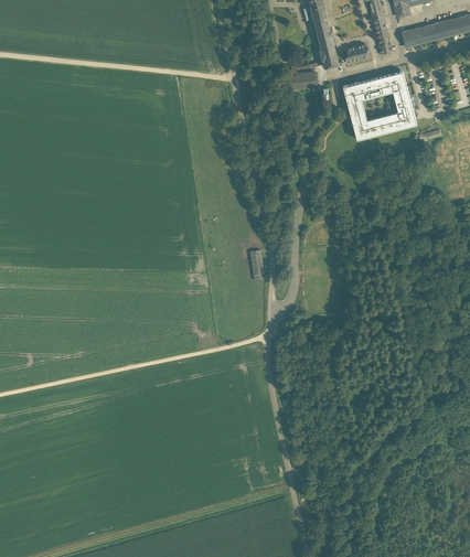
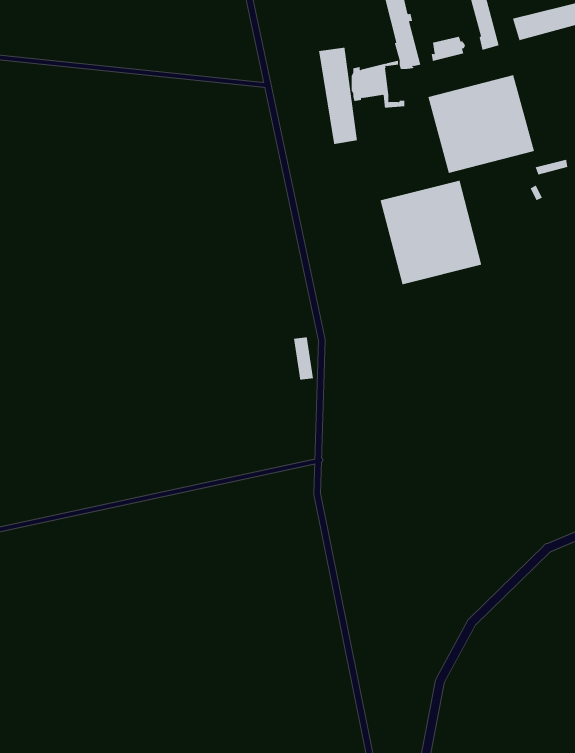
building: none -> [319,47,358,145]
building: none -> [380,180,482,285]

